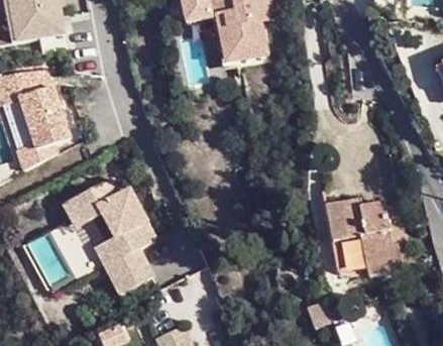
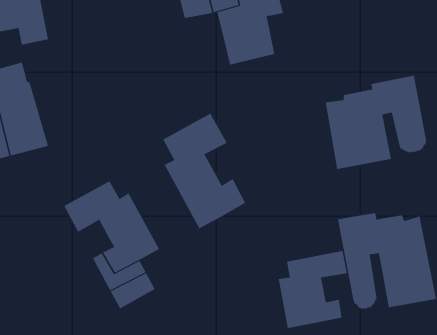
building: none -> [325,75,427,170]
building: none -> [162,113,246,229]
building: none -> [278,250,348,329]

